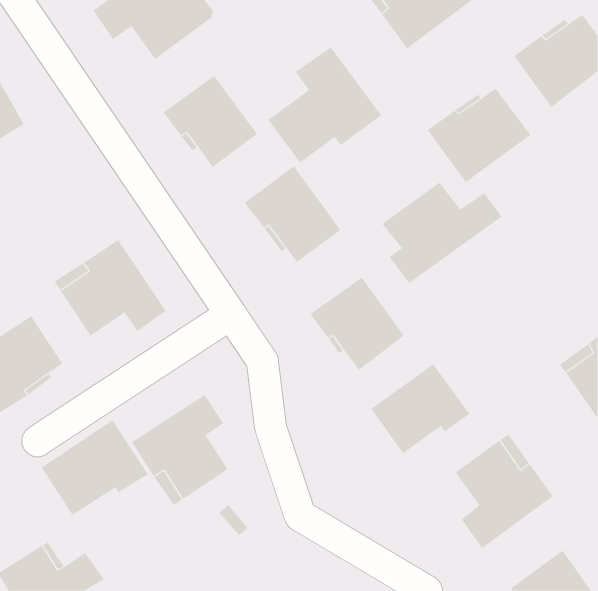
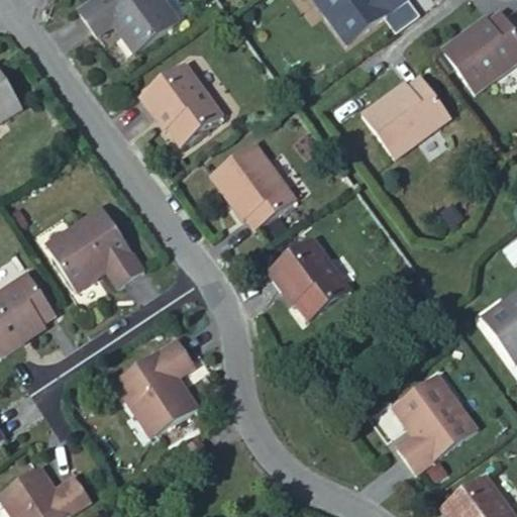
building: [267,46,382,163] -> none
building: [382,182,502,284] -> none
building: [370,363,470,454] -> none
building: [41,419,149,516] -> none

